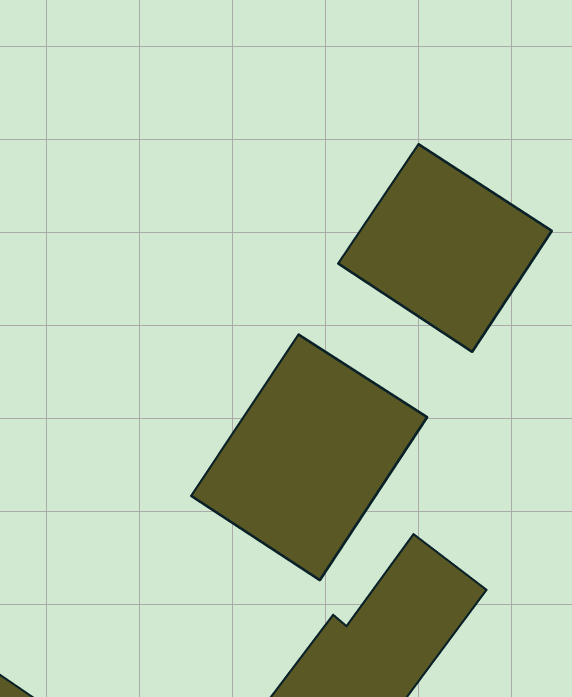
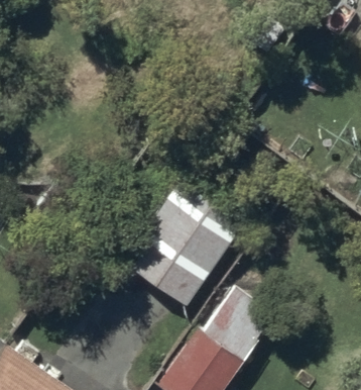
building: [338,144,552,352] -> none

